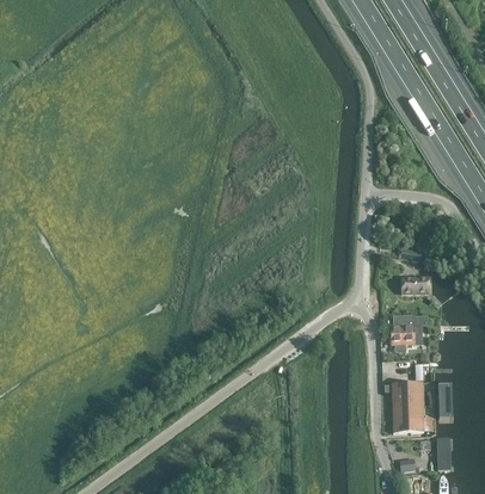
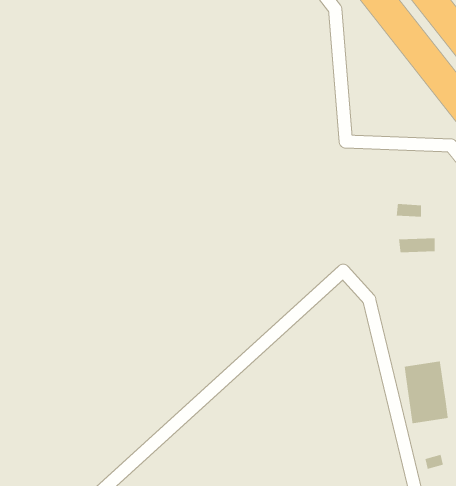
building: [391,315,415,351] -> none

